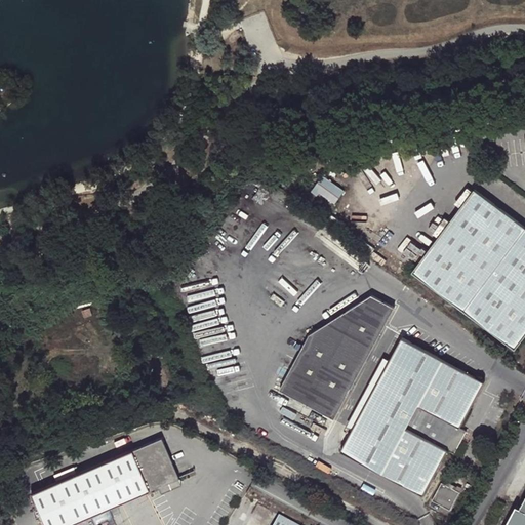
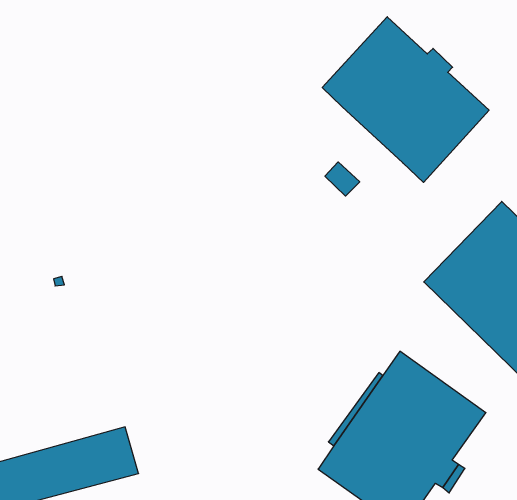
building: none -> [322,17,489,182]
building: [279,296,393,421] -> none

